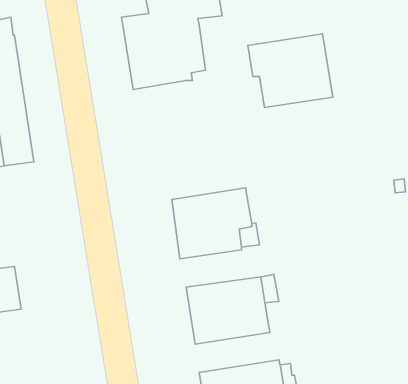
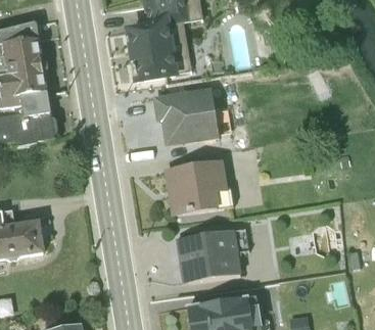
building: [248,34,333,107] -> [150,85,218,143]

